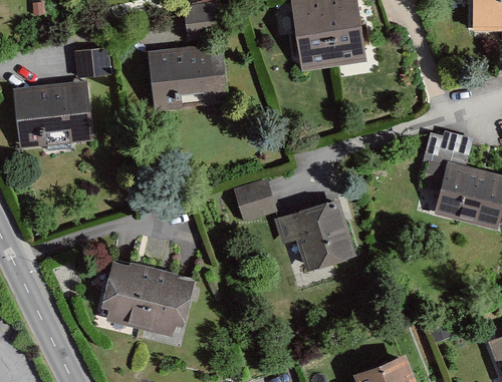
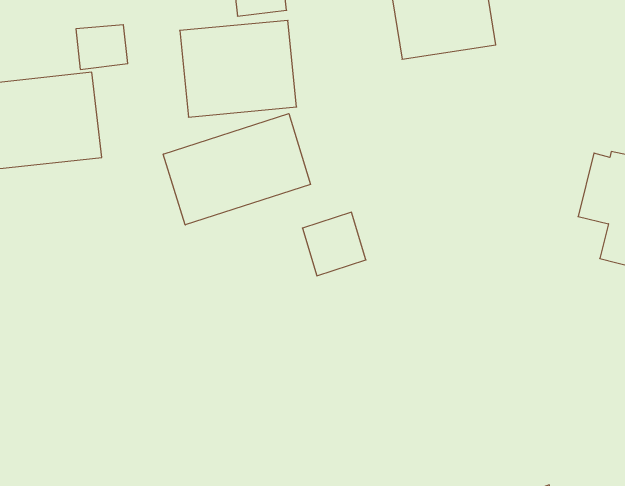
building: none -> [163,114,311,225]
building: [274,200,355,272] -> none
building: [105,263,189,332] -> none

